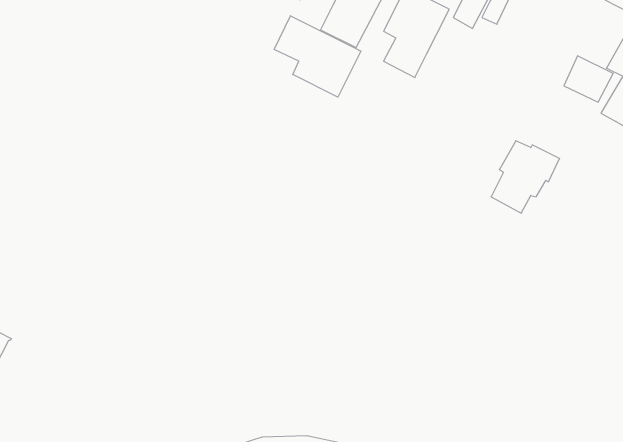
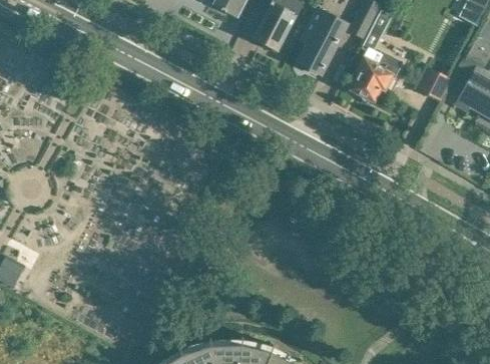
building: [274,16,361,97] -> none
building: [491,141,560,213] -> [351,49,401,102]

